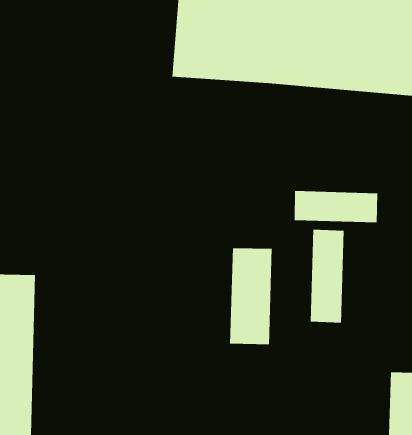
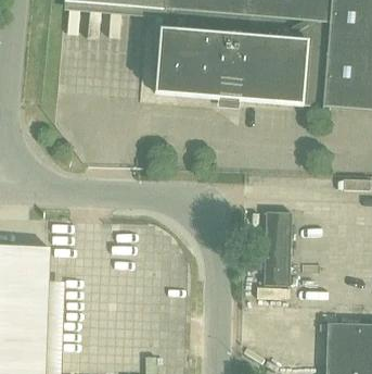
building: [294,190,378,223] -> none
building: [230,247,272,345] -> none

